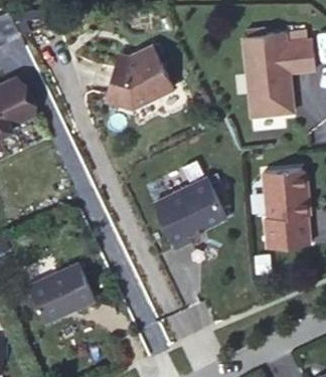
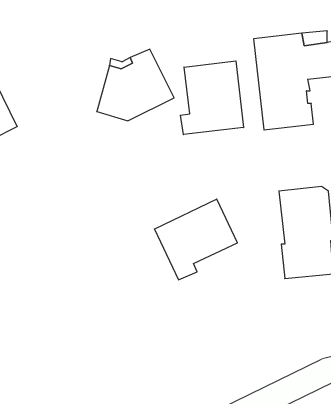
building: none -> [180,61,244,135]
building: [30,263,97,323] -> none

